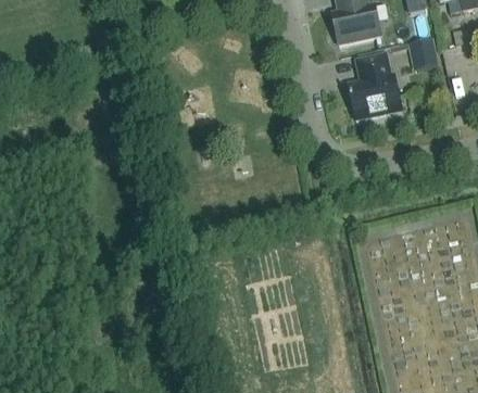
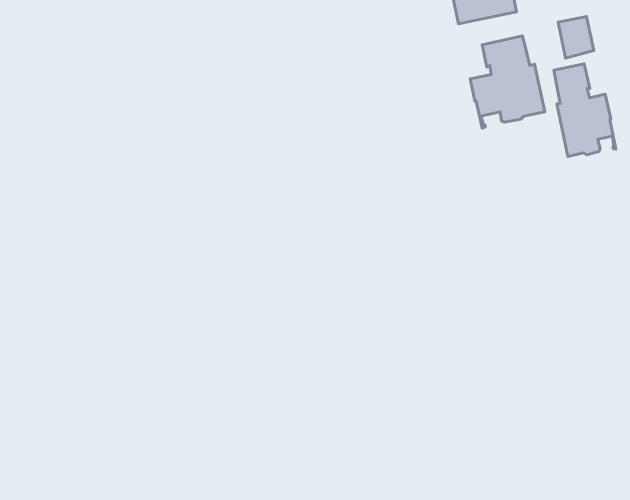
building: none -> [554,64,616,156]

